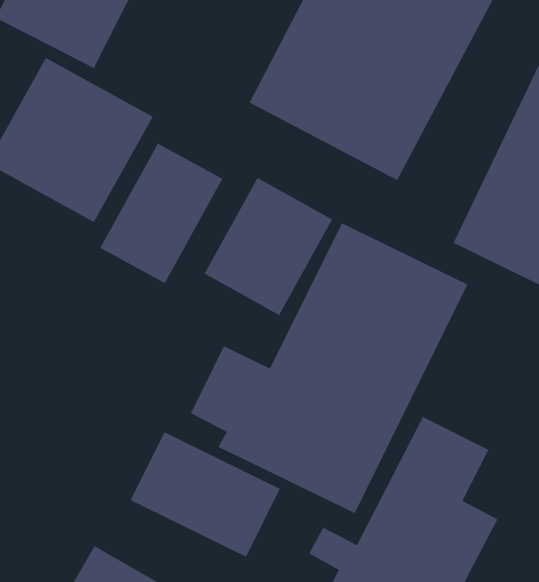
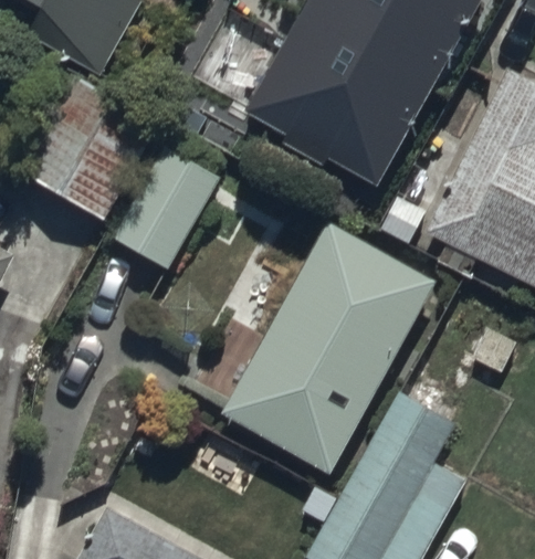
building: [204,177,333,316] -> none
building: [130,431,281,558] -> none

